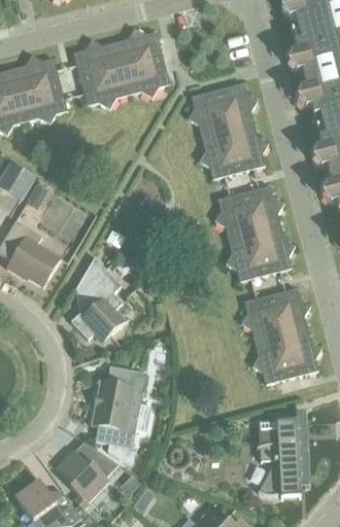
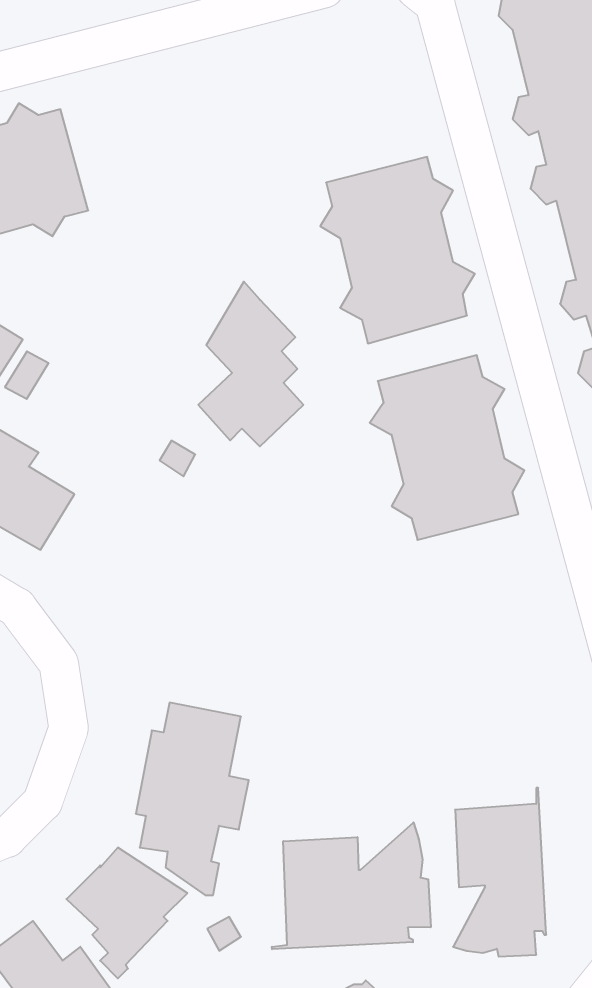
building: [73,28,169,108] -> none
building: [70,256,125,342] -> [198,282,303,446]
building: [240,287,320,384] -> none
building: none -> [272,822,431,949]

